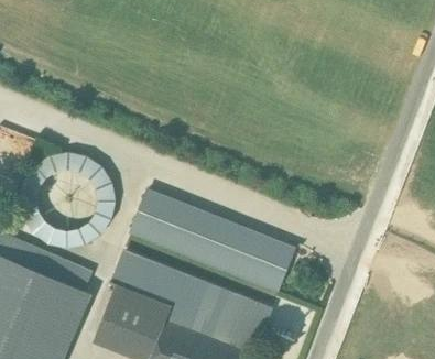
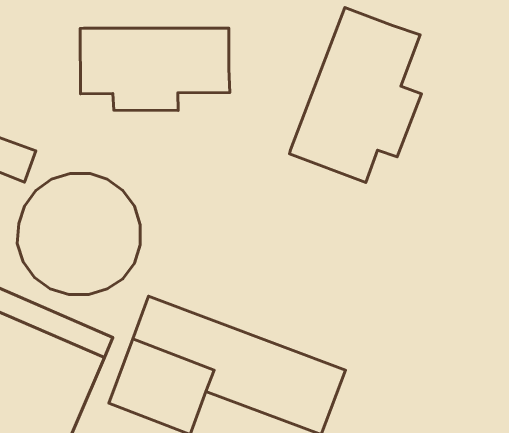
building: none -> [290,7,422,182]
building: none -> [80,28,230,111]
building: [130,189,295,292] -> none

